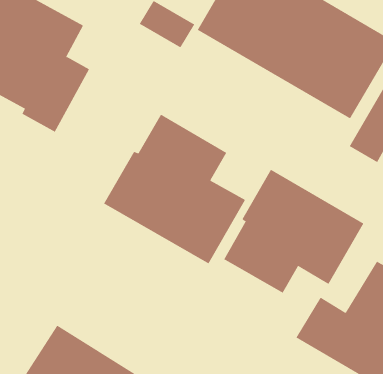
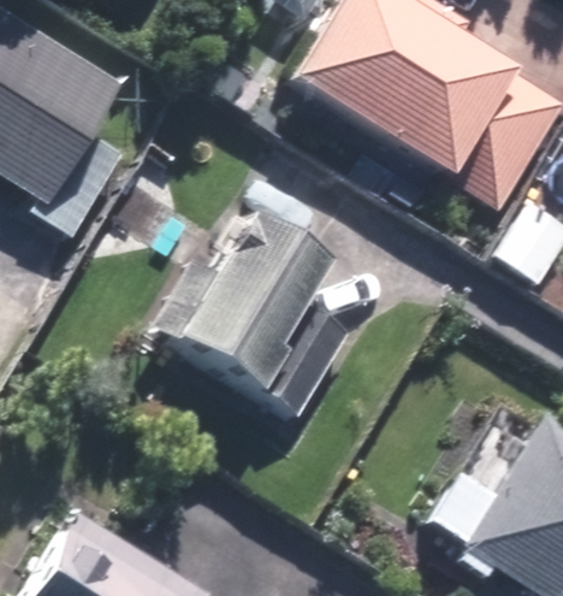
building: [223,169,364,293] -> none

